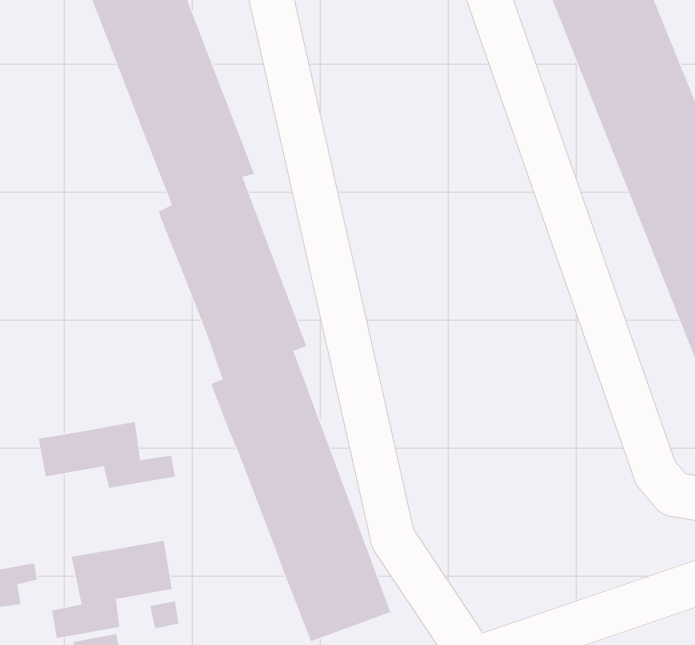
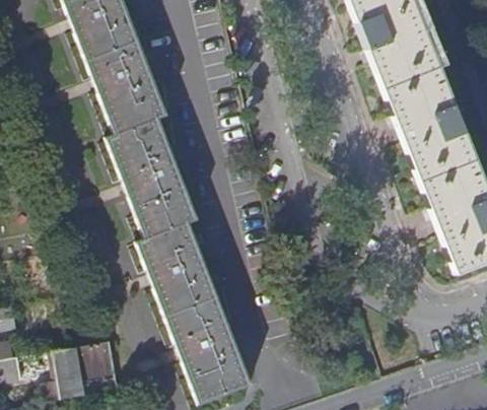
building: [38,421,175,489] -> none

